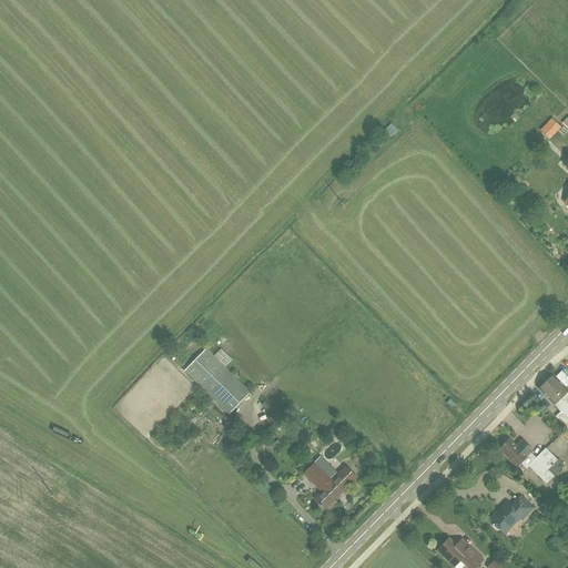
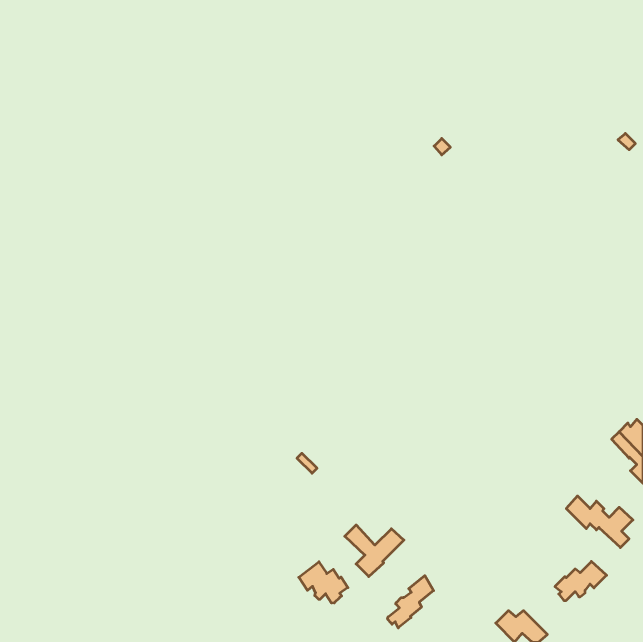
building: [184,347,251,414] -> none
building: none -> [299,562,348,603]
building: none -> [388,576,434,628]

